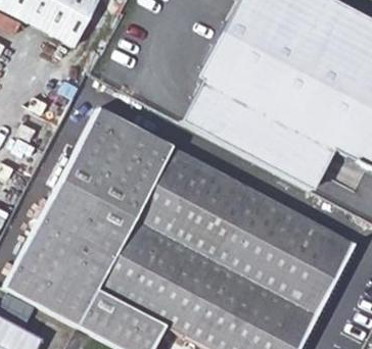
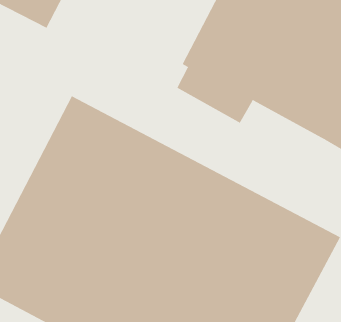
building: [185,101,336,191] -> none

